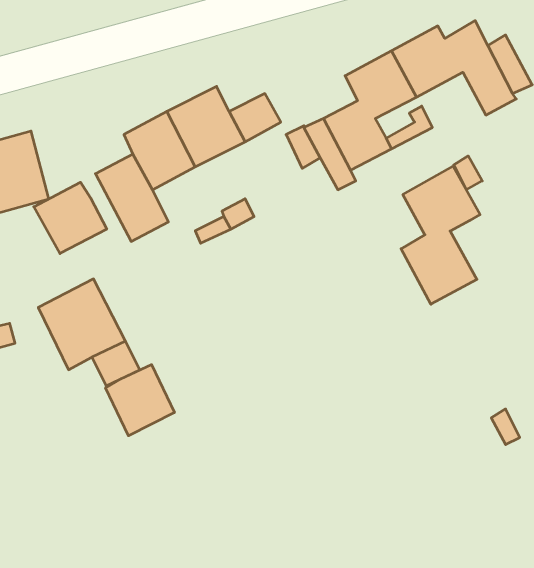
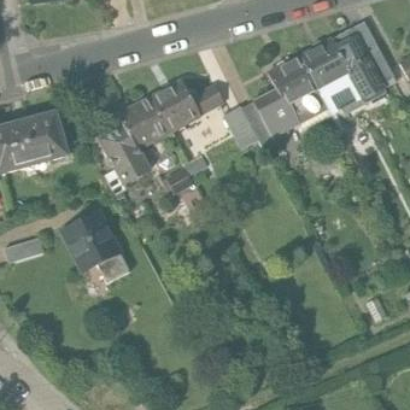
building: none -> [316,69,363,112]
building: [401,166,480,304] -> none
building: [34,182,107,254] -> none
building: [106,365,174,436] -> none

